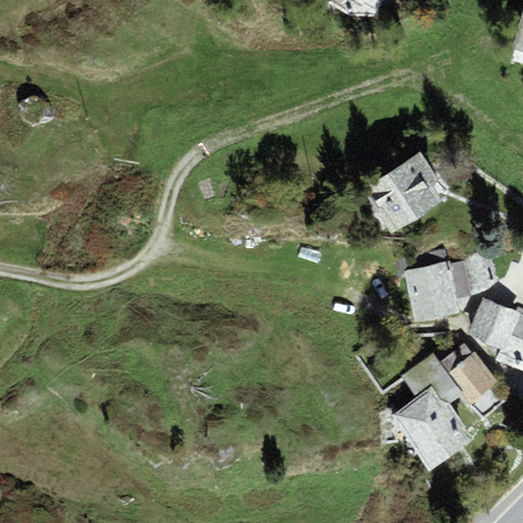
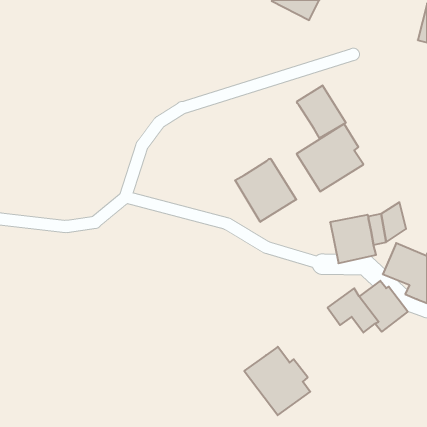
building: none -> [297,85,346,138]
building: none -> [235,159,296,222]
building: [389,387,470,471] -> [244,347,310,415]

